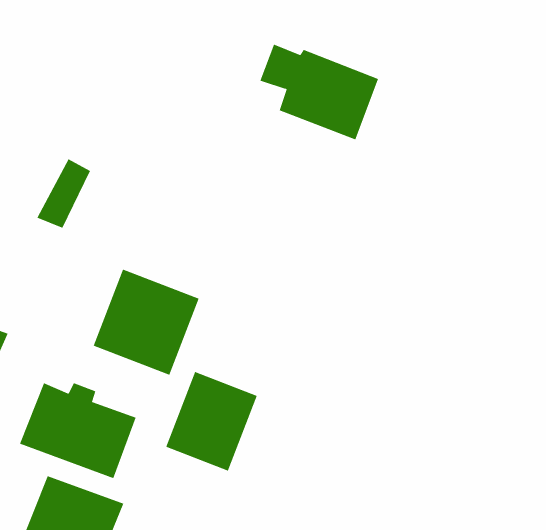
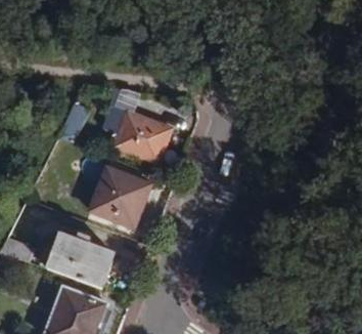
building: [260,44,379,140] -> [101,107,171,163]
building: [166,371,258,471] -> none

